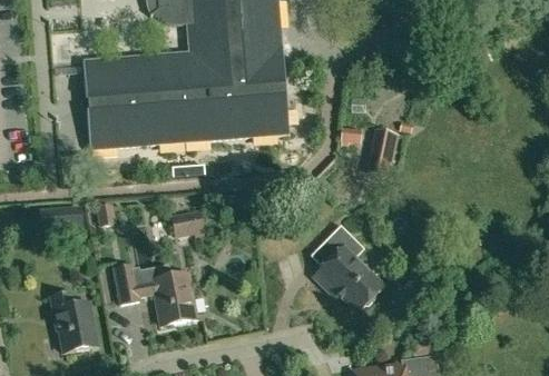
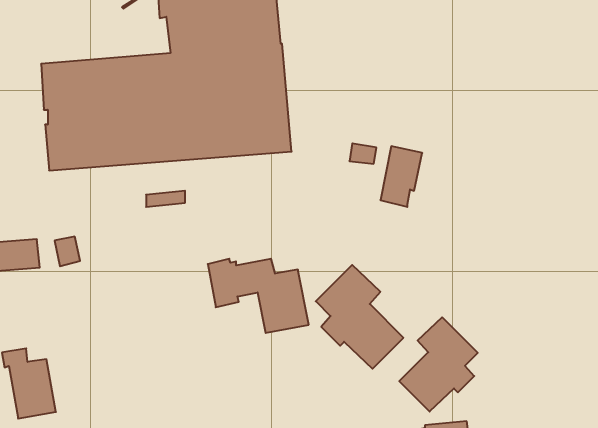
building: [169,209,203,238] -> none
building: [114,265,197,326] -> [208,259,309,333]
building: none -> [399,317,478,412]

